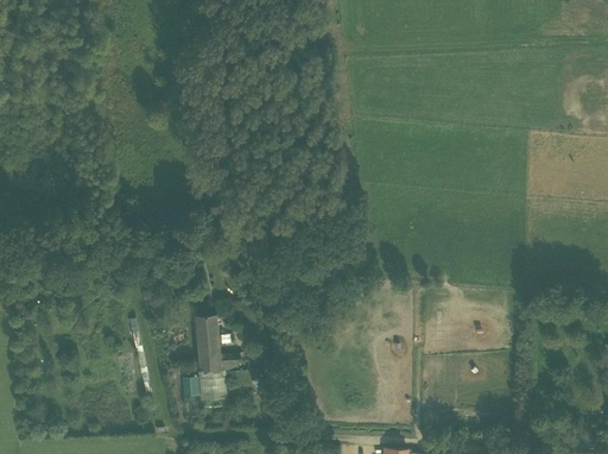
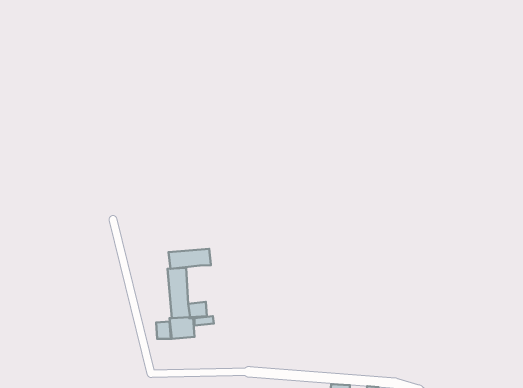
building: none -> [169,249,211,269]

